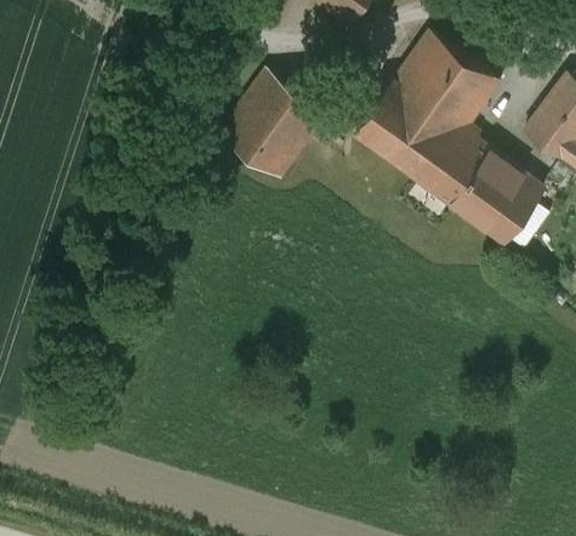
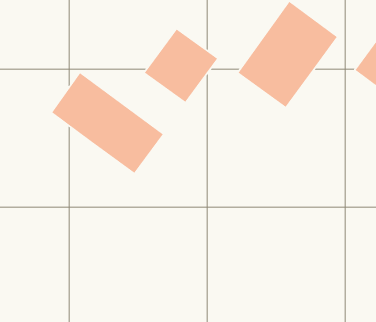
building: [424,132,542,243] -> none
building: none -> [51,72,164,174]

